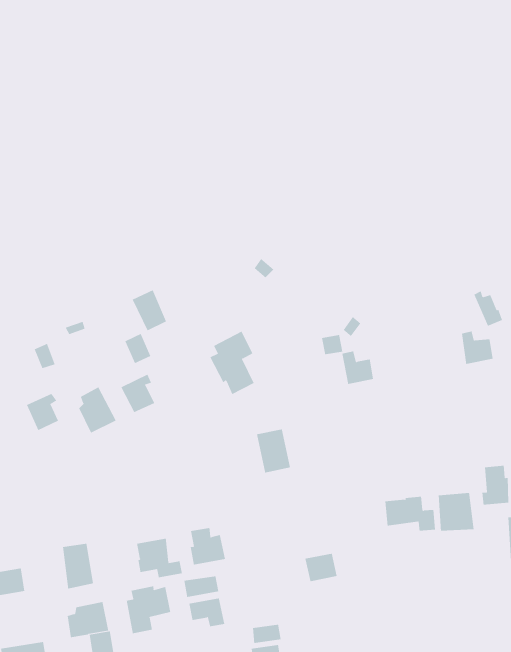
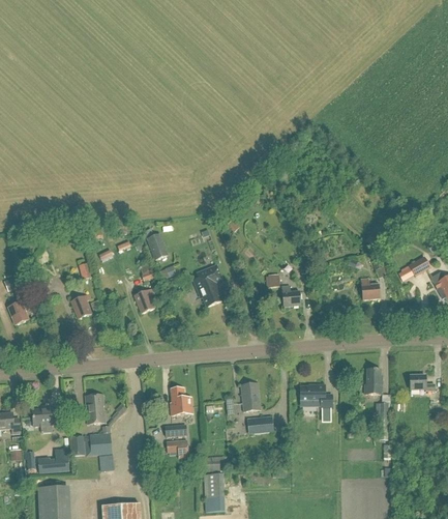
building: [79,386,117,434] -> none
building: [256,429,291,473] -> [241,383,262,411]
building: [438,492,474,532] -> none
building: [137,538,182,578] -> none
building: [126,586,171,634] -> none

